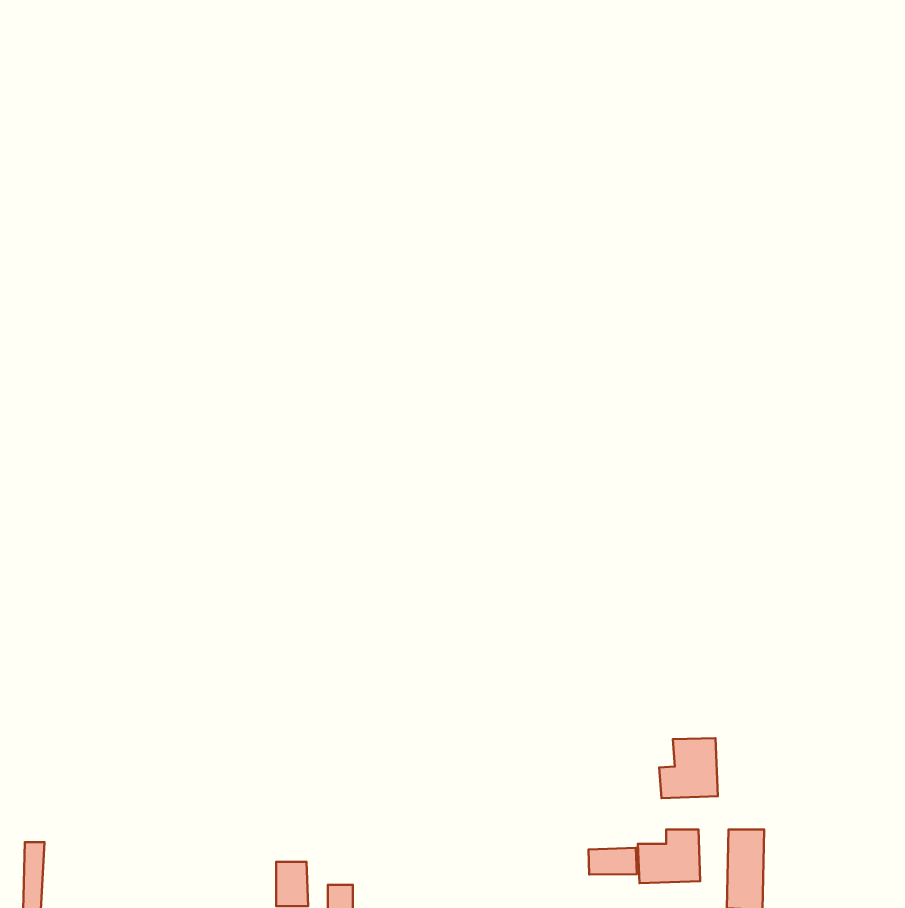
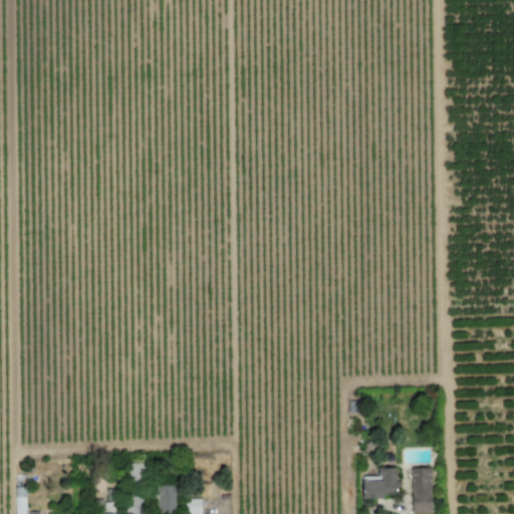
building: [659,738,718,798] -> none
building: [588,848,637,874] -> none

